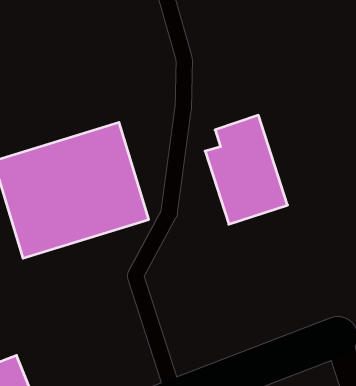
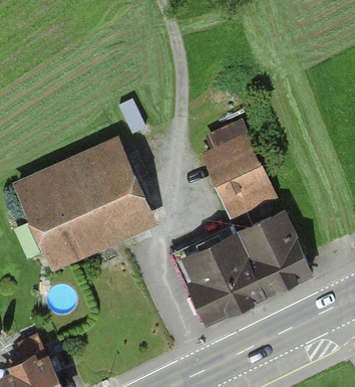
building: none -> [168,213,301,324]

